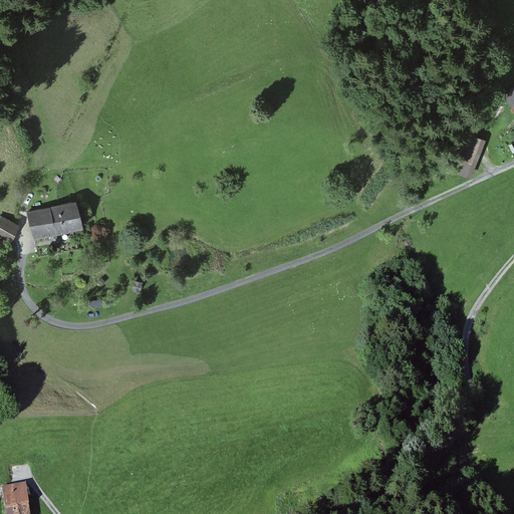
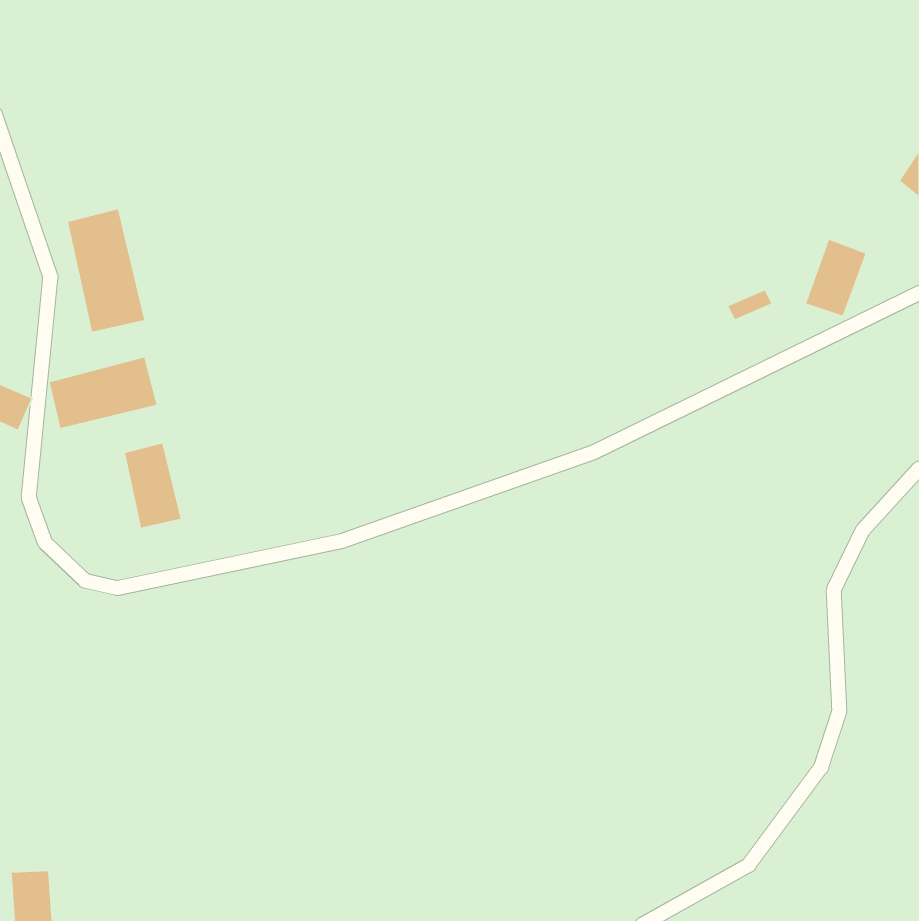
building: none -> [67,209,145,332]
building: none -> [124,443,181,528]

